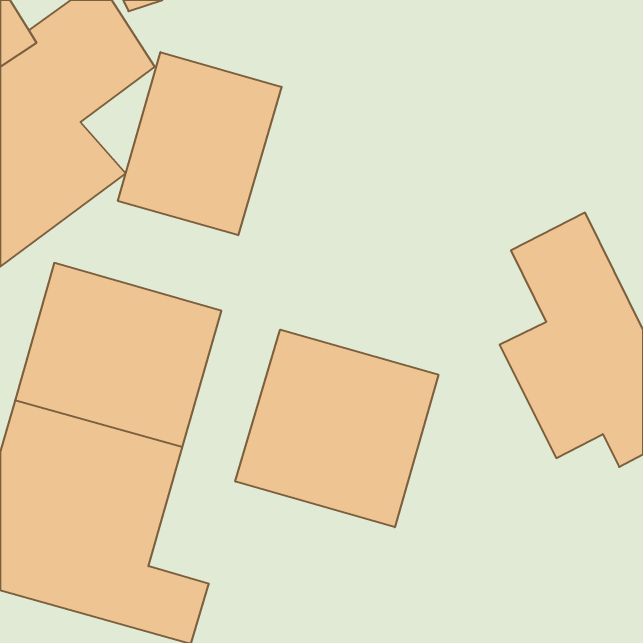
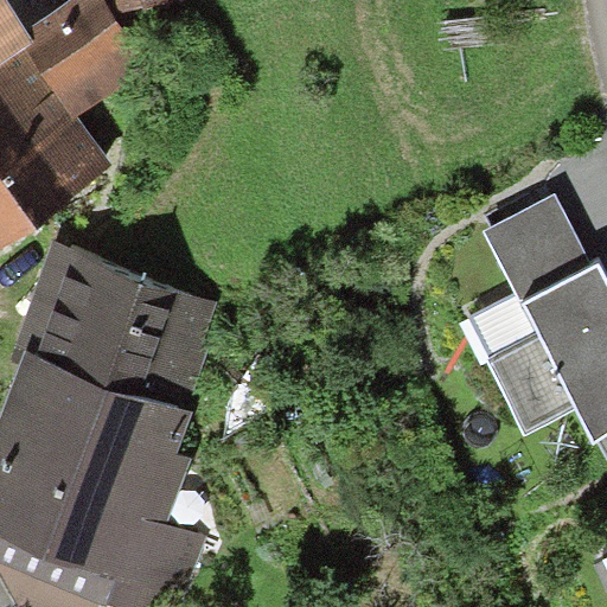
building: [118,52,282,235] -> none
building: [235,330,438,527] -> none

